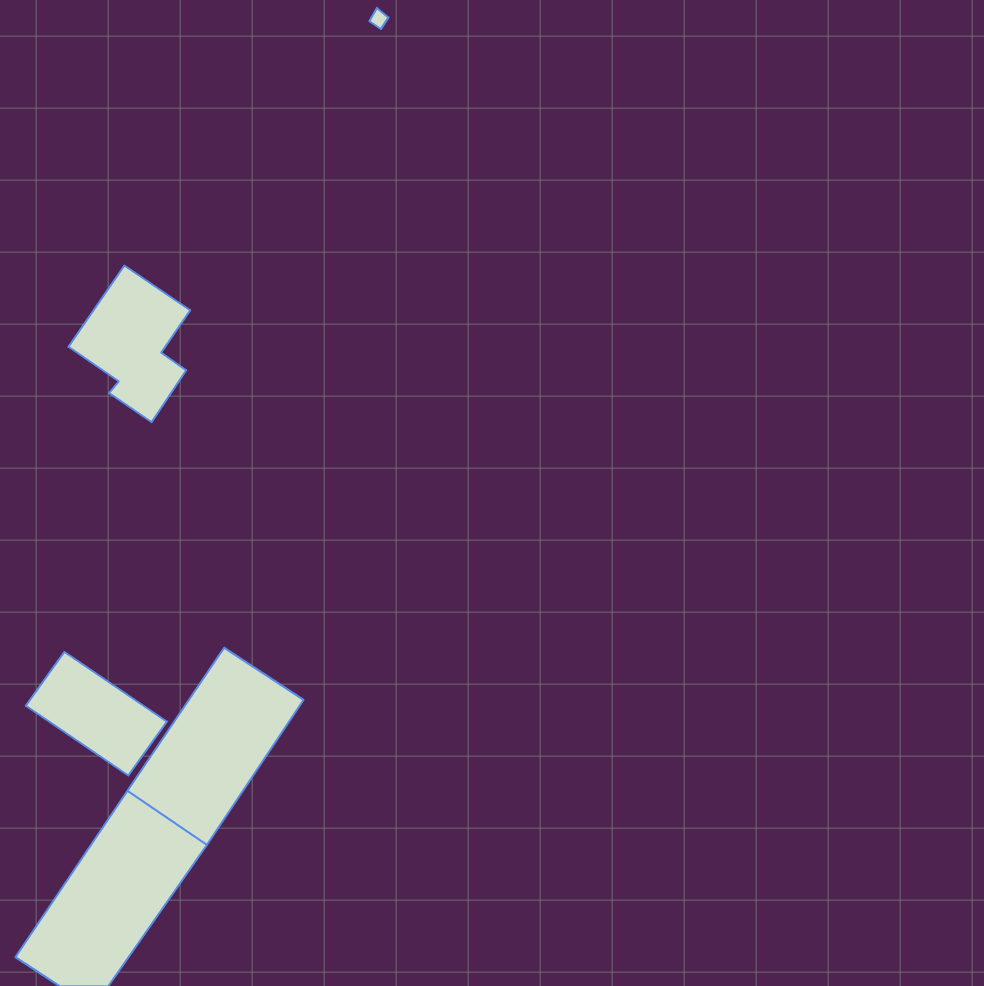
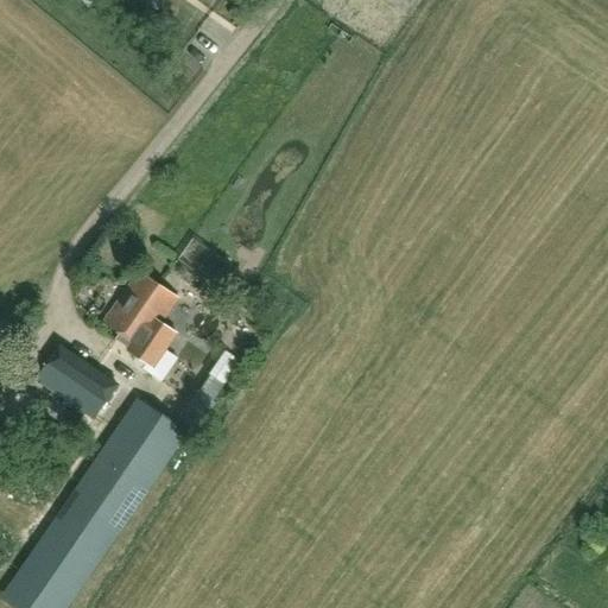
building: [68,266,190,422] -> [101,270,176,366]
building: [26,652,167,776] -> [34,346,121,422]

